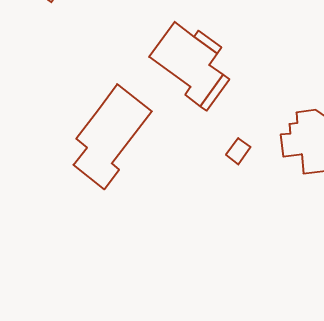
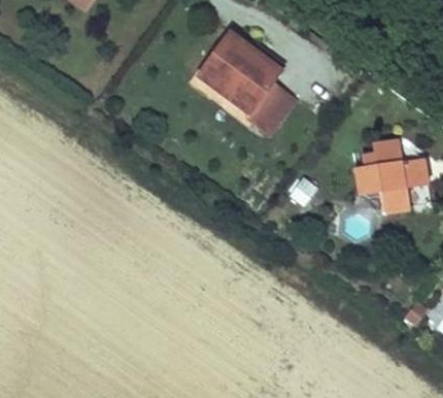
building: [73,84,152,189] -> none

